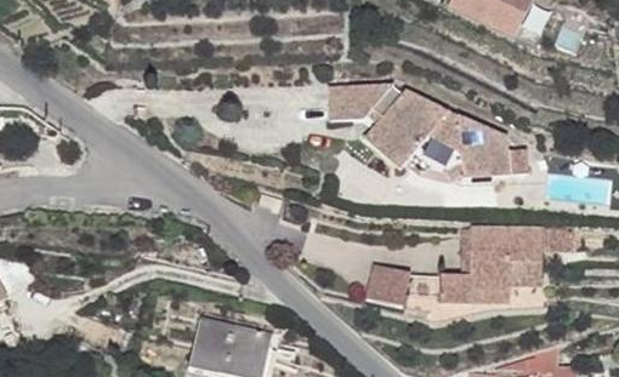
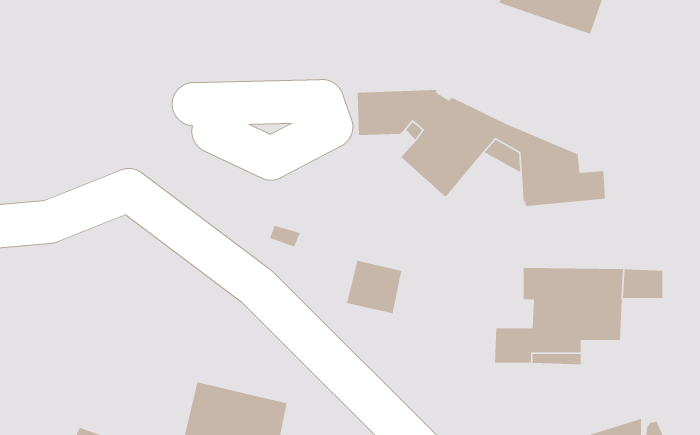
building: [365,264,410,308] -> [346,260,402,314]

